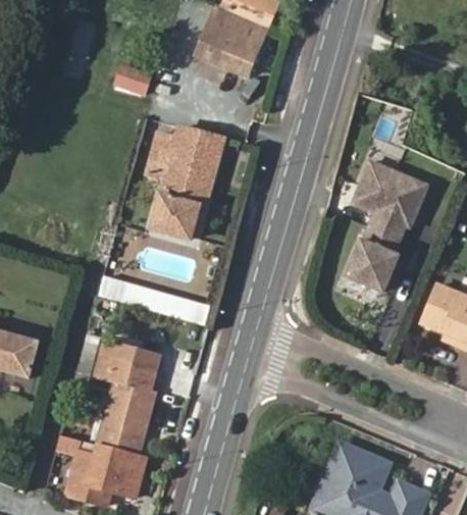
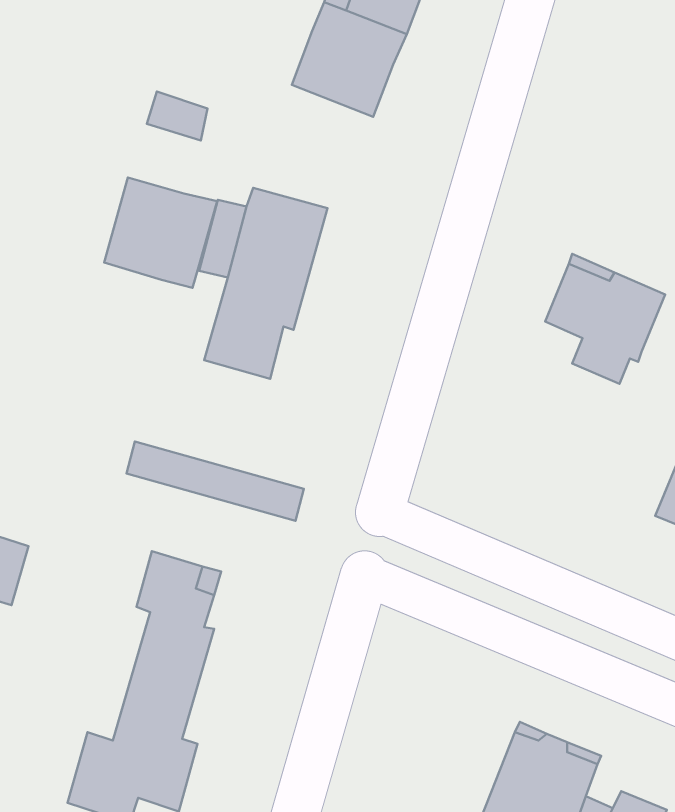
building: none -> [104,177,217,288]
building: [347,228,400,291] -> none

